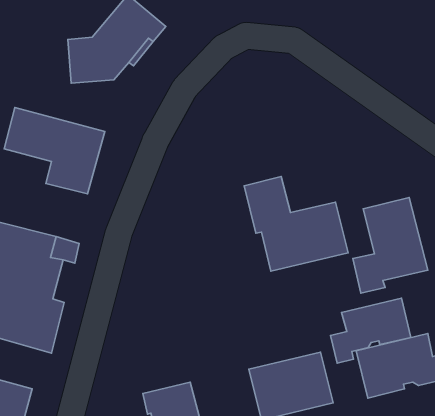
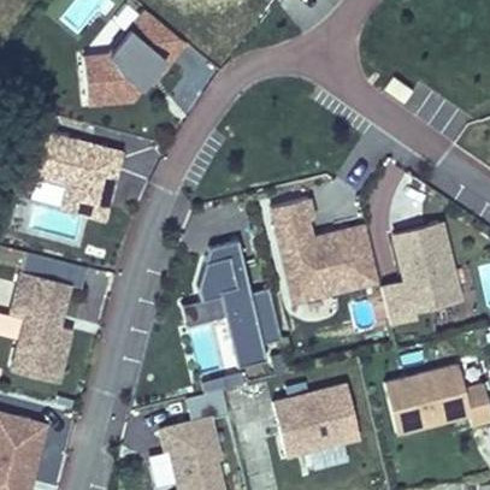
building: none -> [197,247,282,372]
building: [331,298,411,363] -> none

